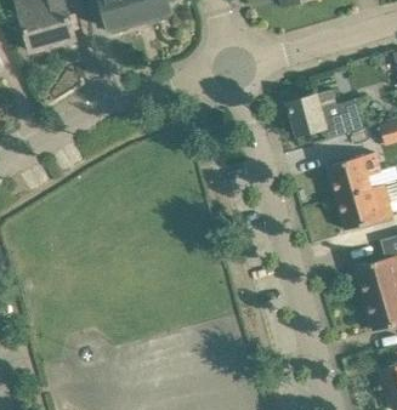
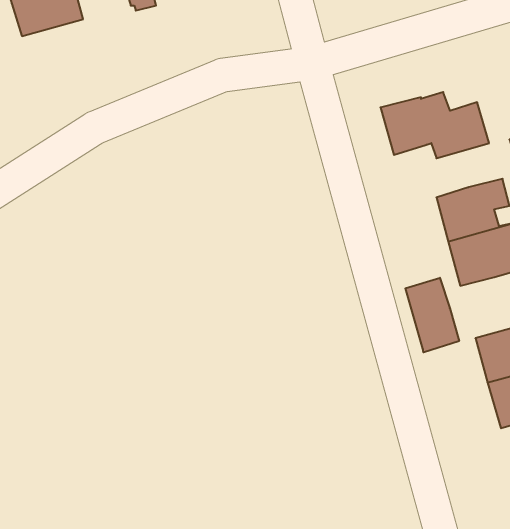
building: none -> [405,278,459,352]

